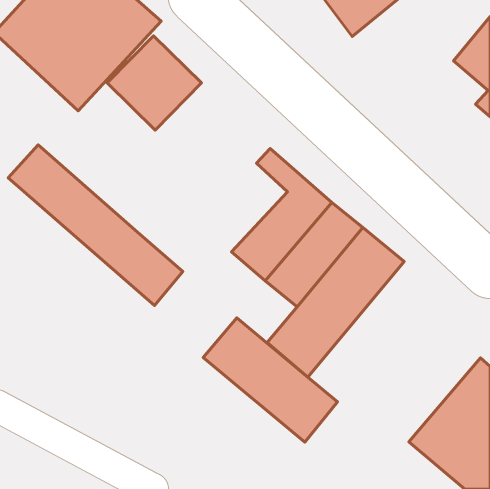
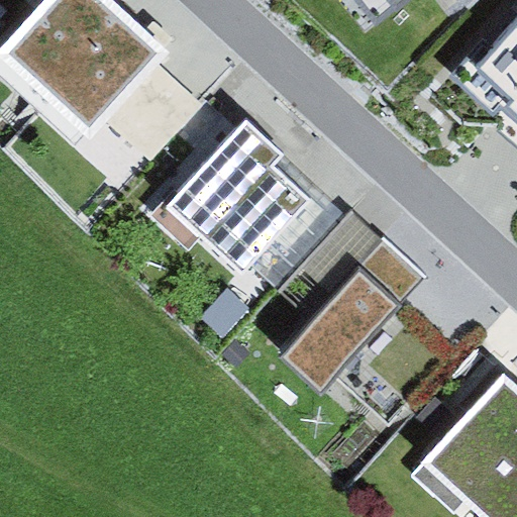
building: none -> [169,121,301,271]
building: [8,145,183,305] -> none
building: [203,318,338,442] -> none

